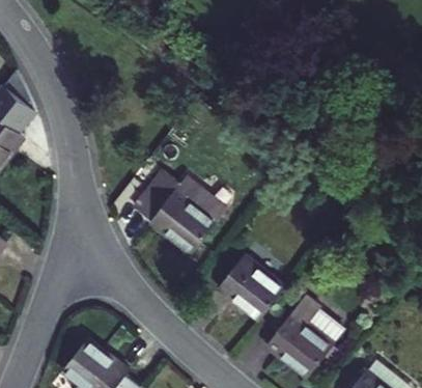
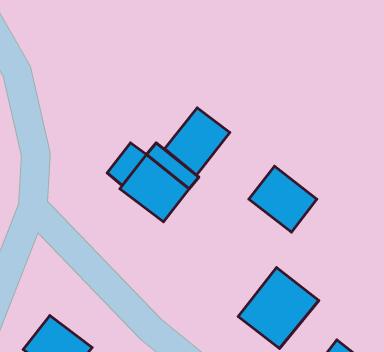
building: none -> [165,108,230,175]
building: [224,251,290,315] -> [249,166,317,232]

